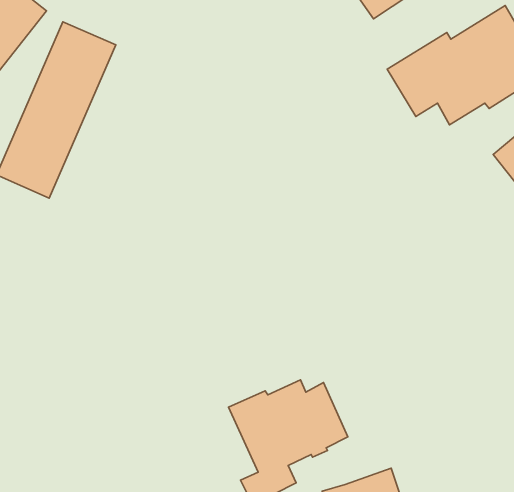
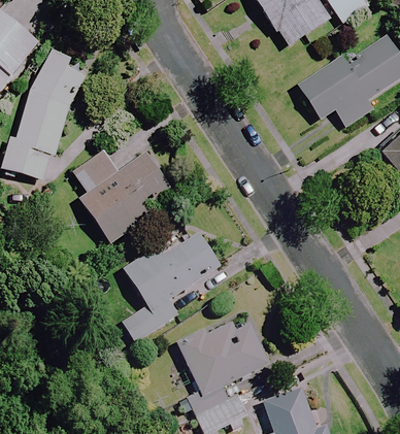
building: none -> [72,149,177,242]
building: none -> [122,231,219,340]

